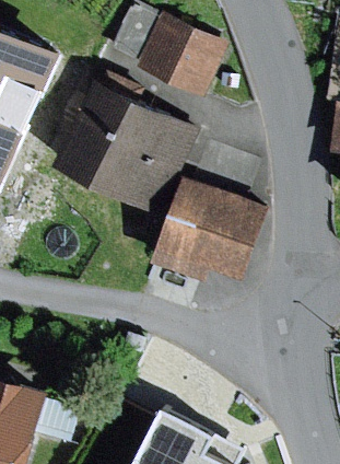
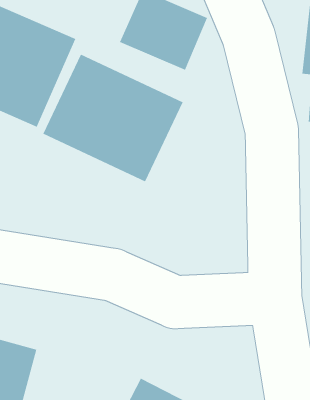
building: [151,177,268,281] -> none

